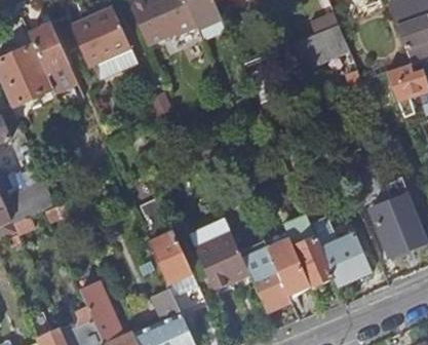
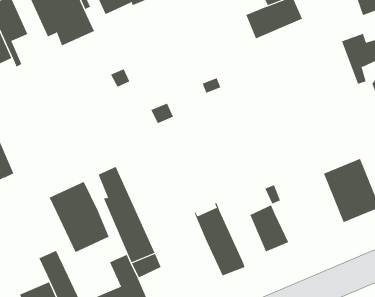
building: [187,217,248,290] -> [49,181,109,253]
building: [262,229,310,296] -> none
building: [320,232,372,289] -> none

